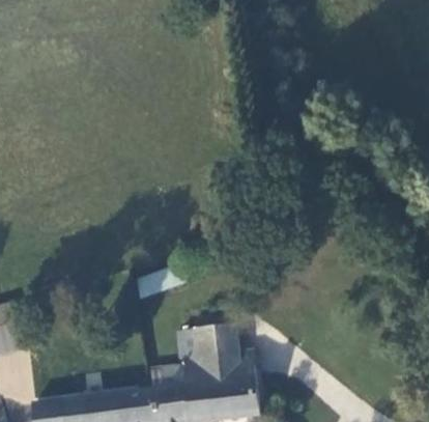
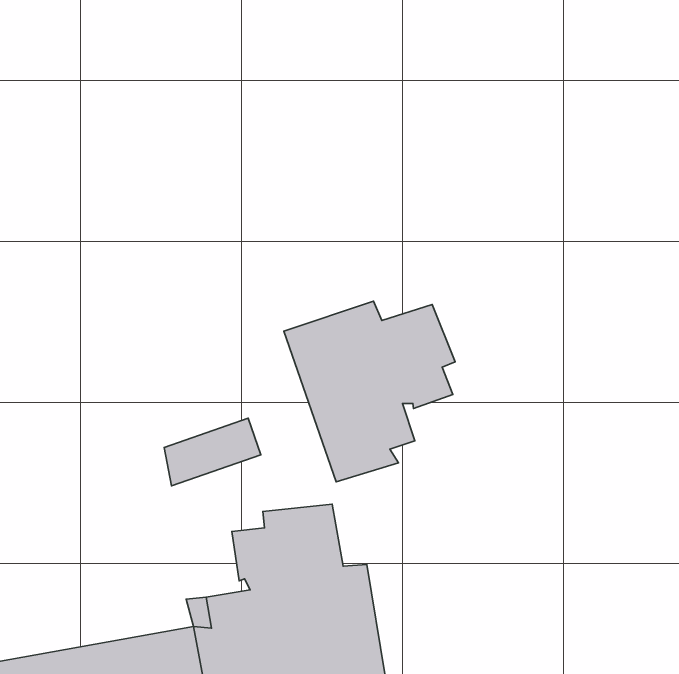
building: none -> [284,301,455,482]

